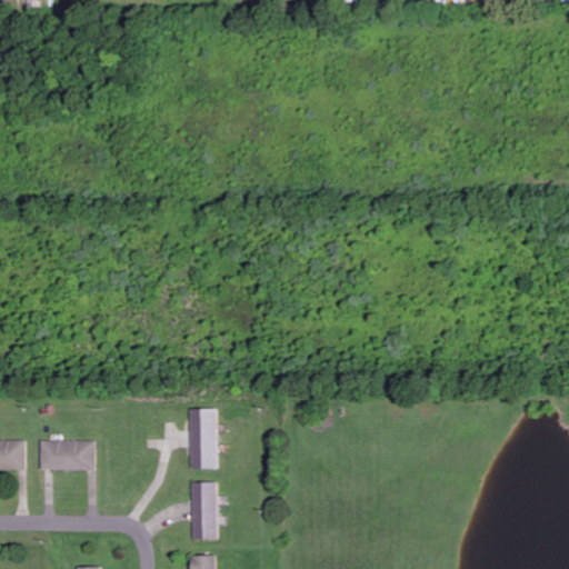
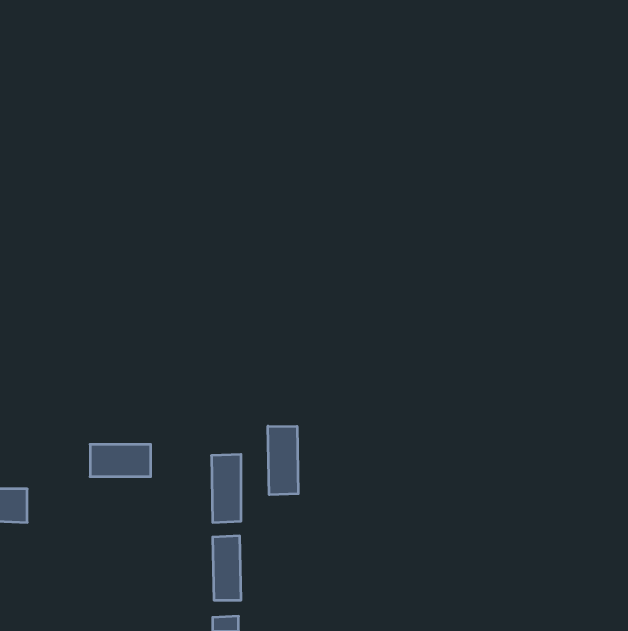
building: none -> [268,426,298,495]
building: [40,441,94,470] -> [90,444,151,477]

